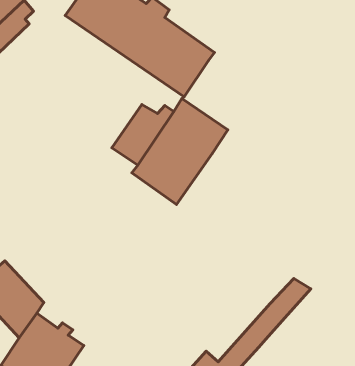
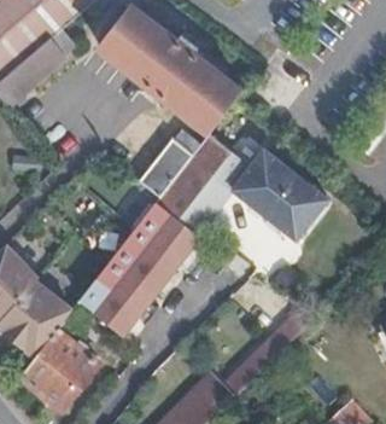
building: none -> [229,145,324,236]
building: none -> [75,201,194,336]

